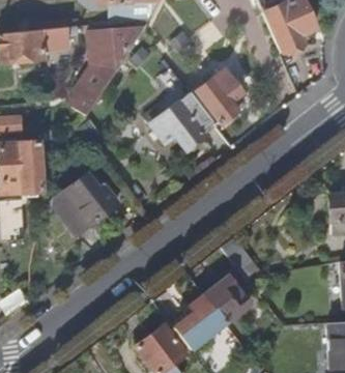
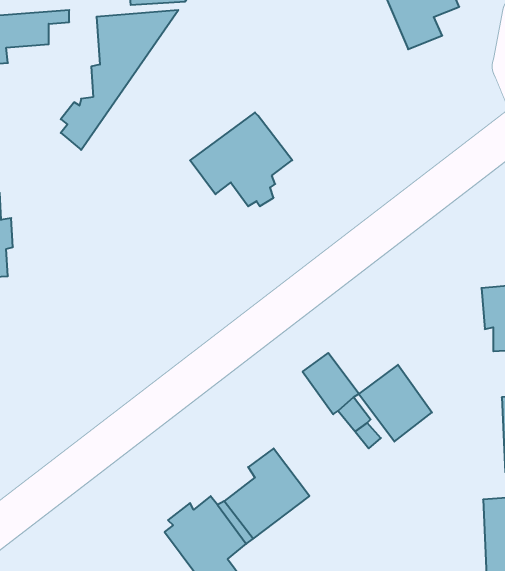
building: [193,66,245,120] -> none
building: [57,173,117,233] -> none
building: [202,277,247,323] -> [359,365,432,442]

